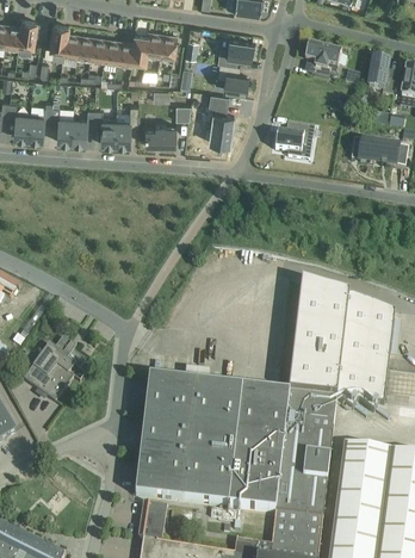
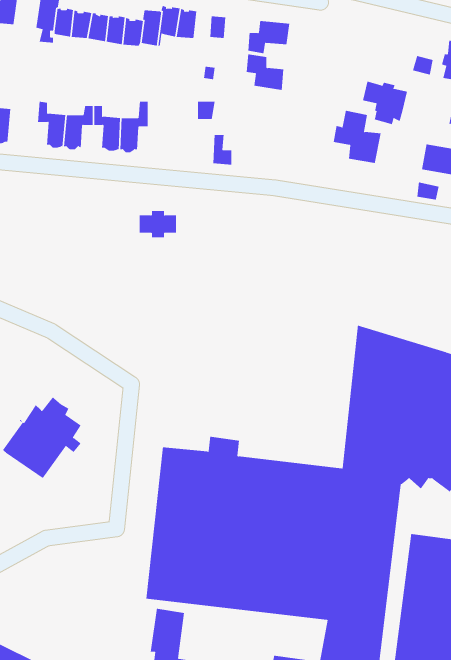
building: [304,44,340,79] -> [362,81,408,125]
building: [208,100,234,149] -> none
building: [27,106,51,141] -> none
building: [145,126,175,148] -> [139,210,177,238]

